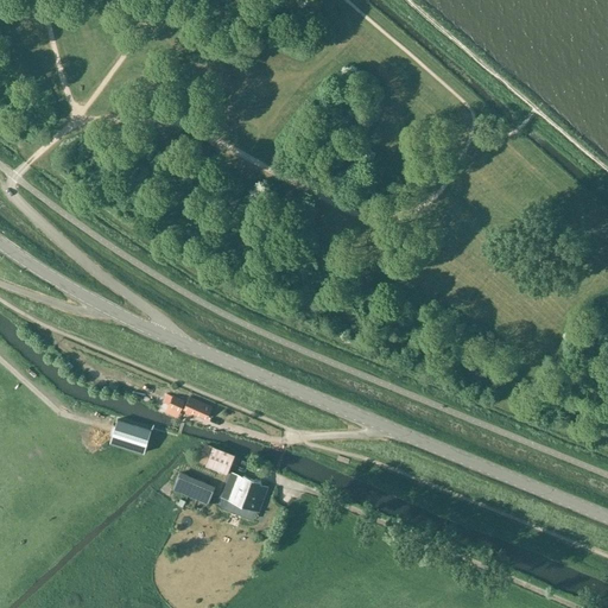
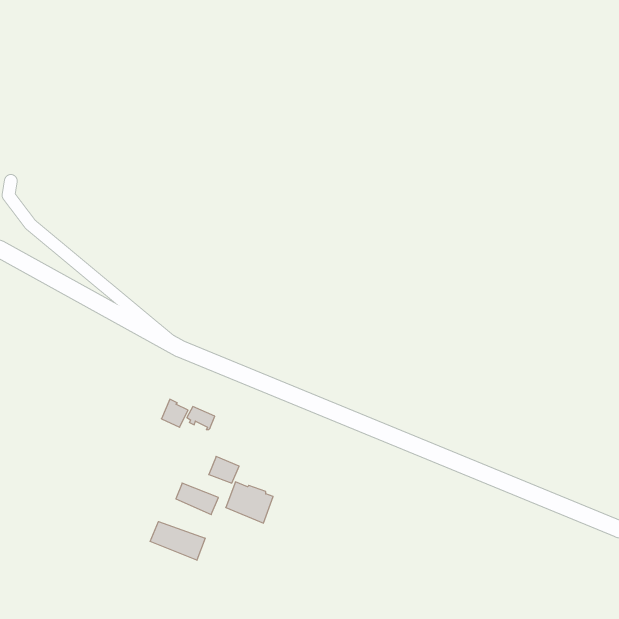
building: [109,420,151,454] -> none
building: none -> [150,522,205,560]

